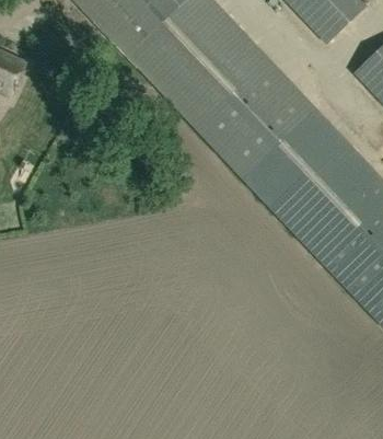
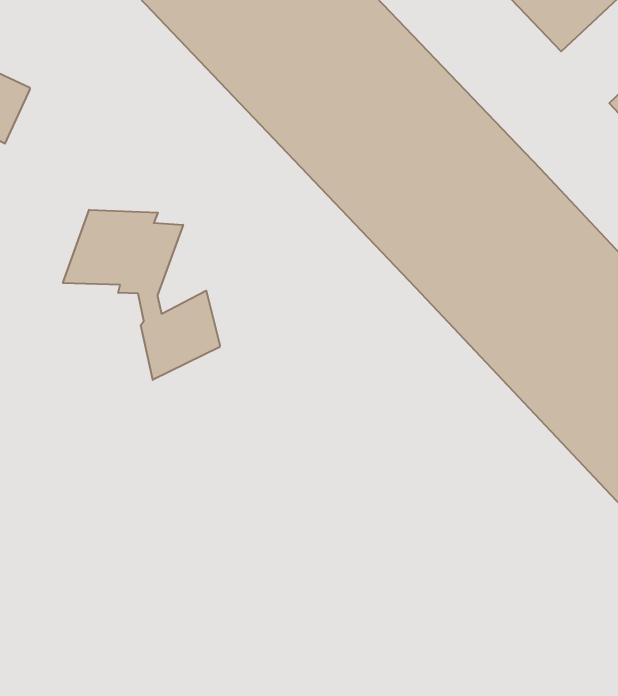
building: none -> [63,210,220,380]

